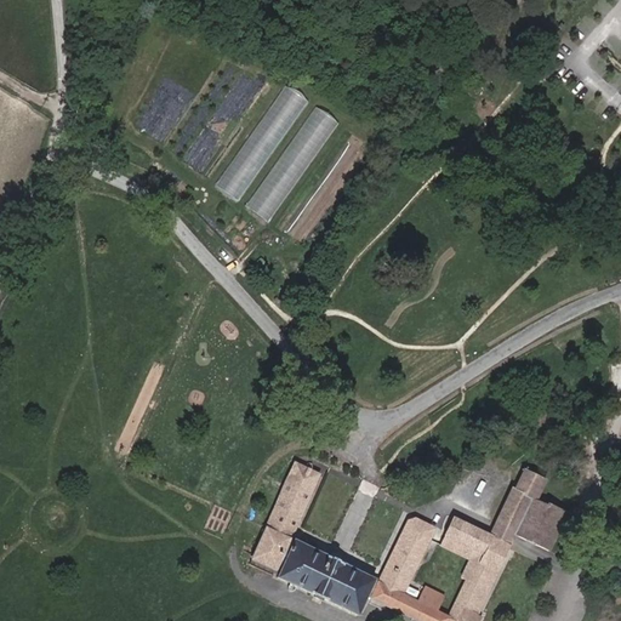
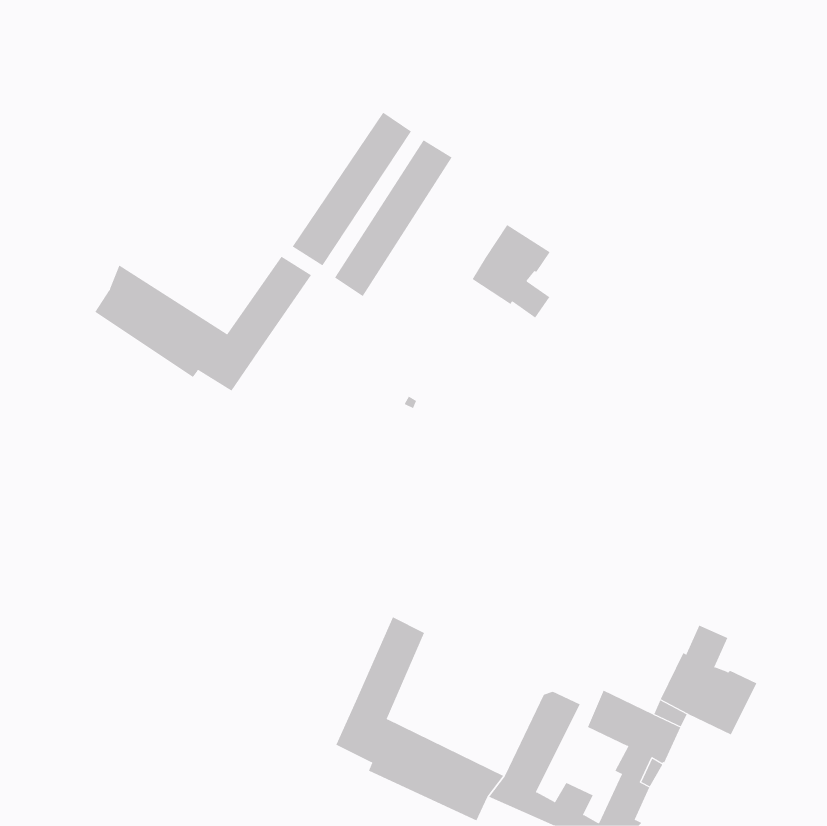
building: none -> [472,224,550,318]
building: none -> [94,256,312,392]

